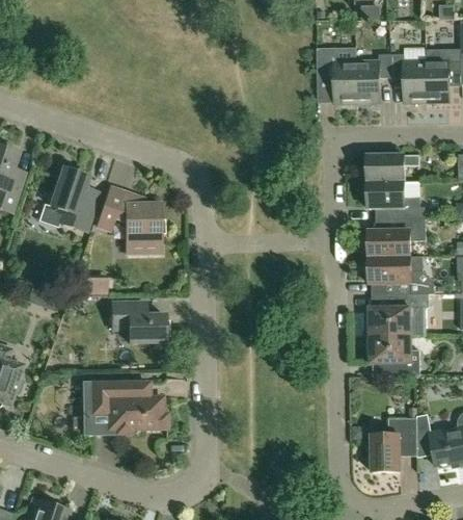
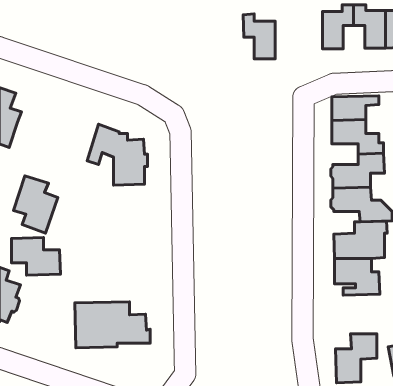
building: [321,52,356,102] -> [243,14,275,59]
building: [50,166,99,230] -> [14,176,58,233]
building: [111,300,165,341] -> [11,238,60,275]

